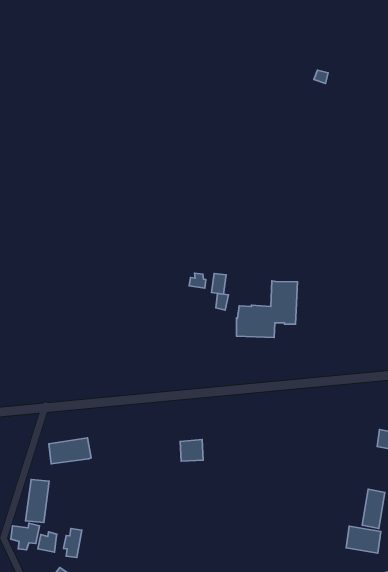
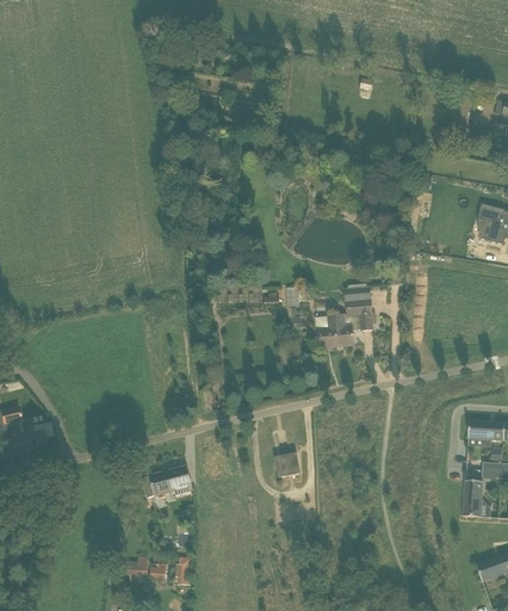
building: [26,480,49,522] -> none
building: [346,526,381,553] -> none

